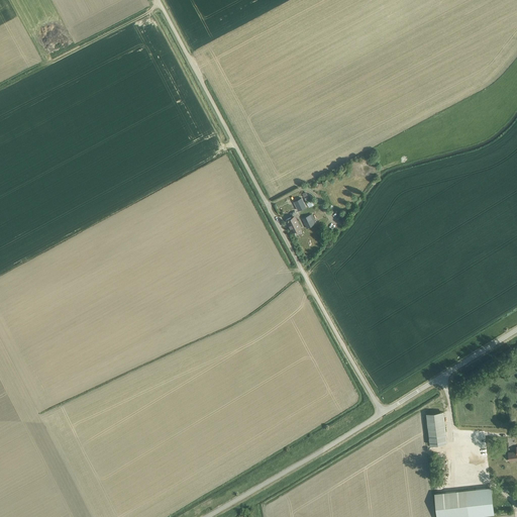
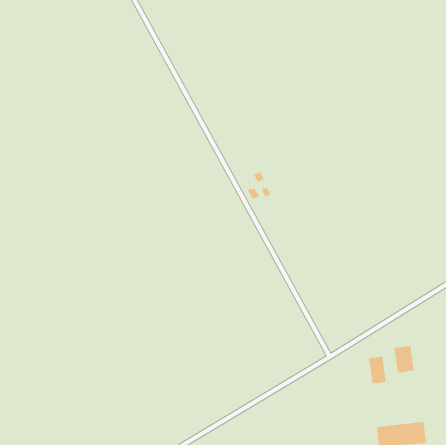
building: none -> [394,345,414,373]

